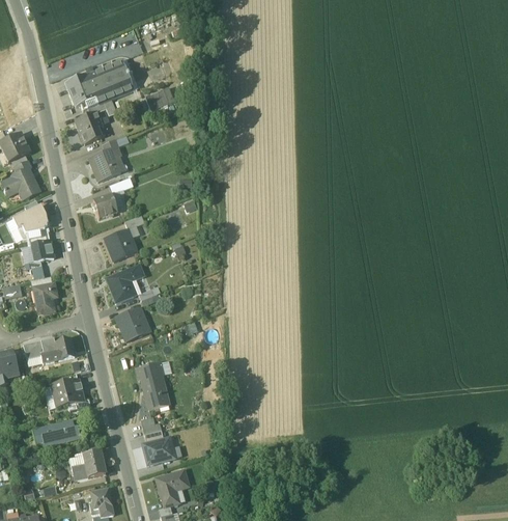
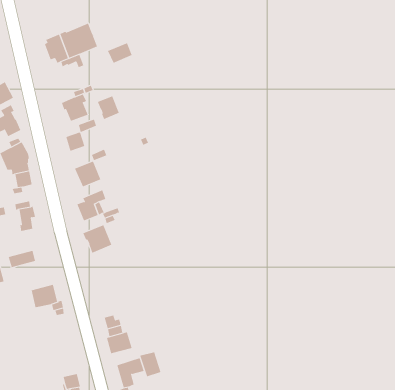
building: [75,111,102,143] -> none
building: none -> [97,95,120,120]
building: [41,336,75,363] -> none
building: [136,361,168,409] -> none
building: [32,419,81,446] -> none
building: [83,450,105,477] -> none
building: none -> [140,351,161,377]

